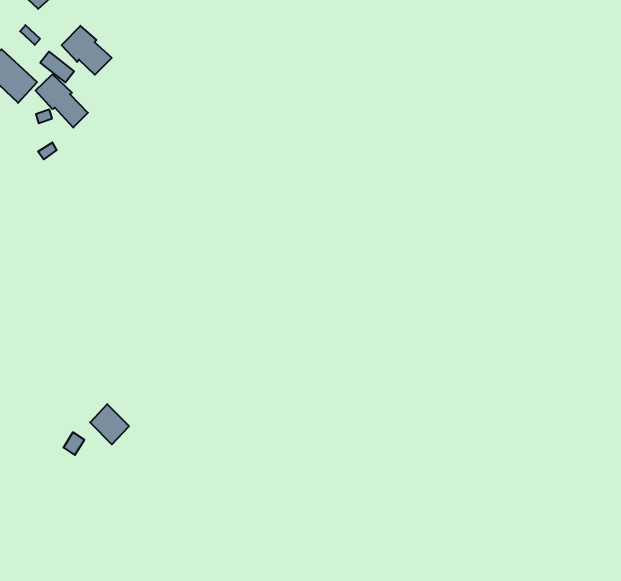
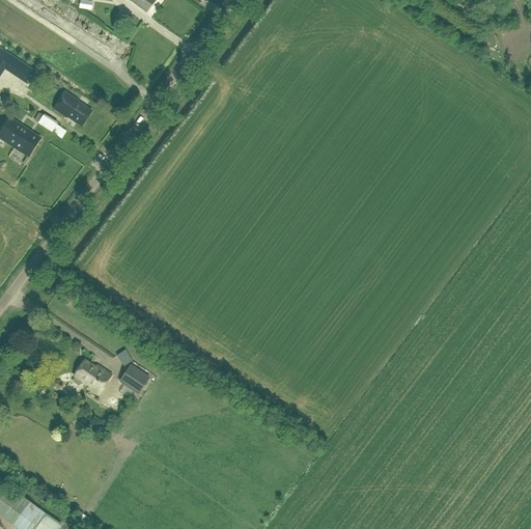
building: [36,74,88,128] -> none
building: none -> [73,359,110,394]

